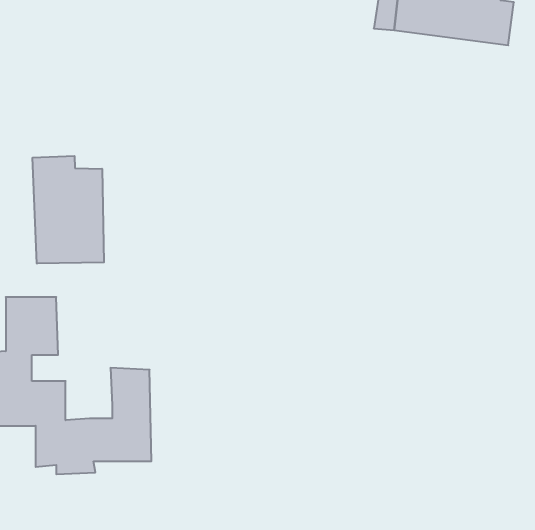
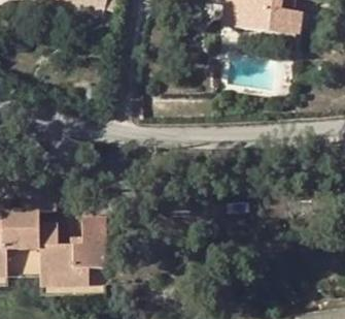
building: [33,156,104,264] -> none

